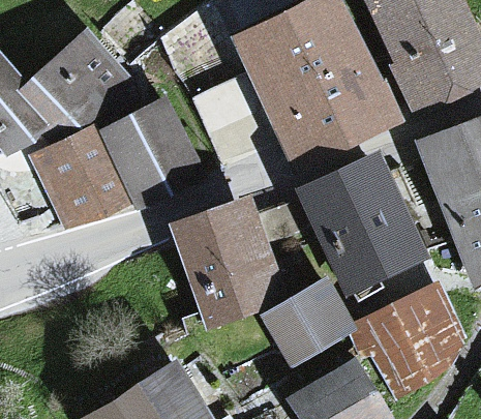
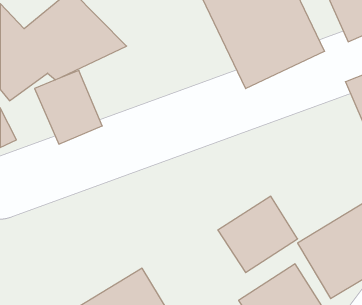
building: [106,95,203,199] -> none
building: [300,156,426,297] -> none
building: [167,196,285,330] -> none

